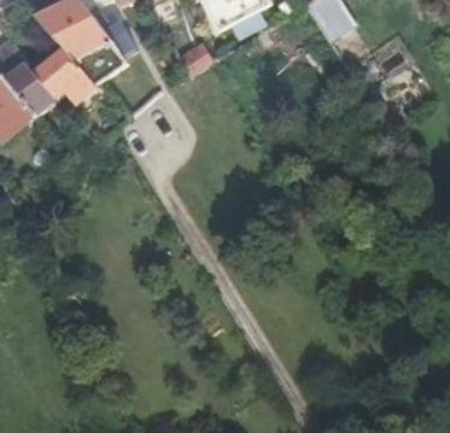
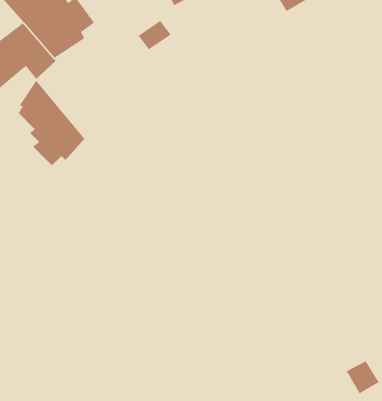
building: none -> [18,80,85,166]

